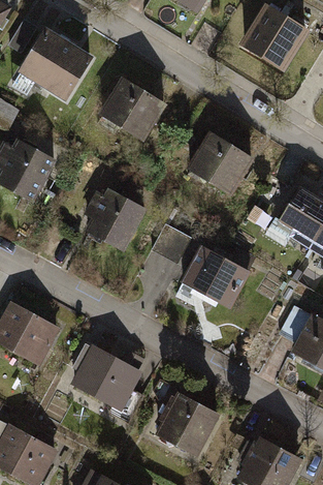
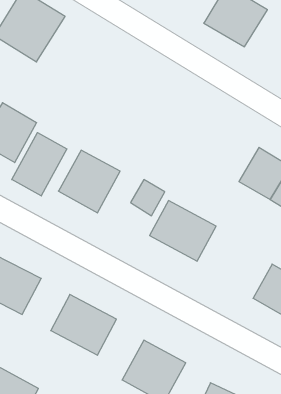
building: [102,65,172,133] -> none
building: [188,121,256,188] -> none
building: none -> [12,133,67,196]

